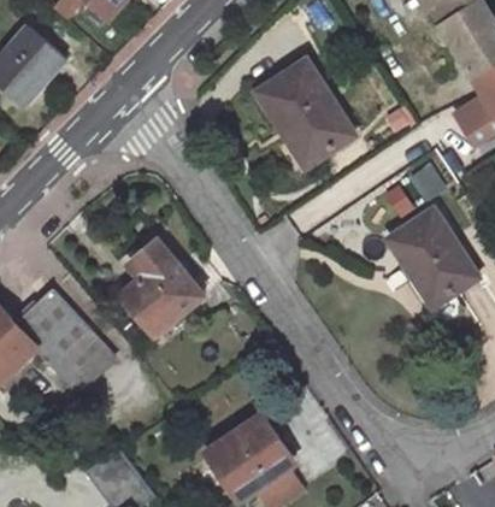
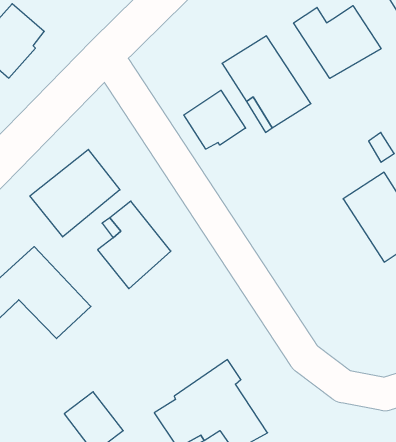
building: none -> [294,6,381,78]
building: none -> [184,90,246,149]
building: none -> [30,149,120,237]

